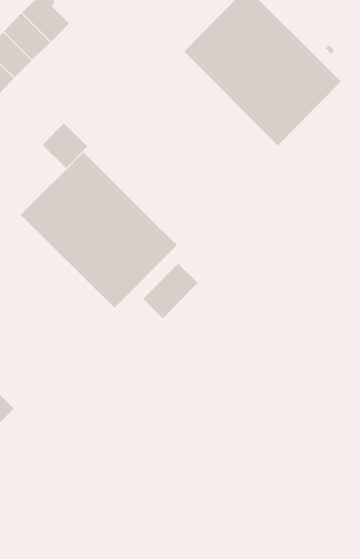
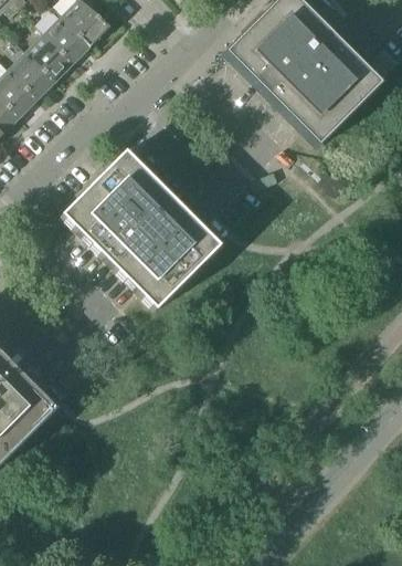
building: [42,122,88,169] -> none
building: [142,263,199,319] -> none

